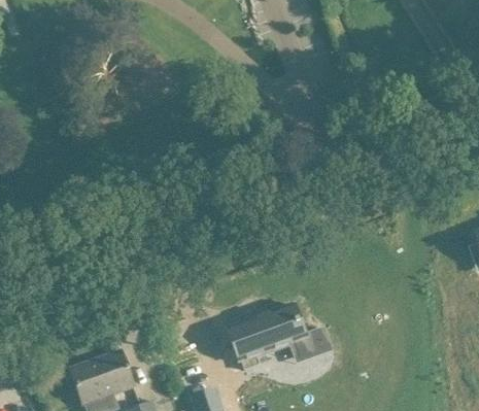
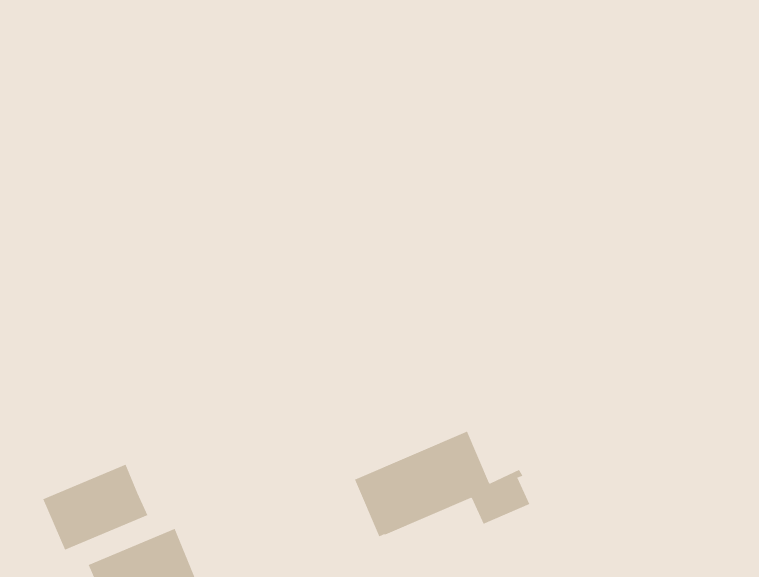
building: none -> [43,464,148,551]

